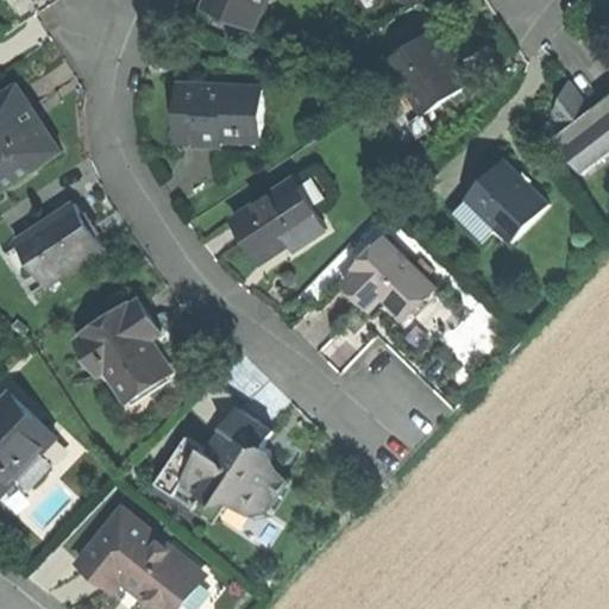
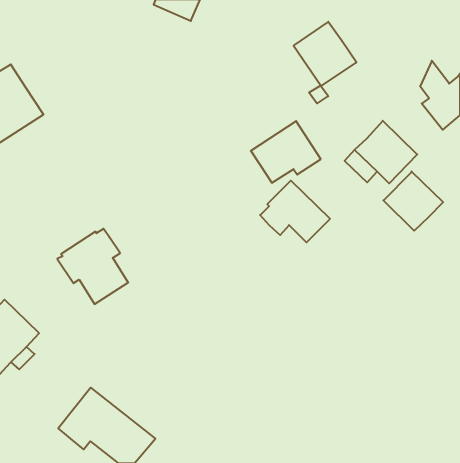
building: [172,83,259,143] -> none
building: [231,178,322,259] -> [251,121,321,183]
building: [13,202,100,284] -> none
building: none -> [383,171,443,231]
building: [152,407,288,514] -> none

